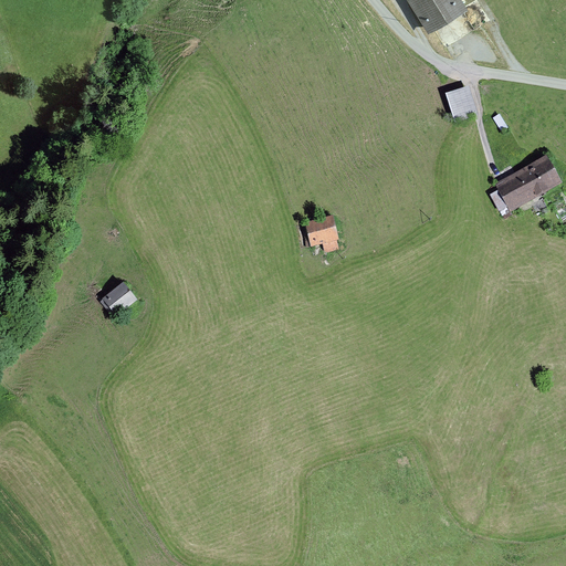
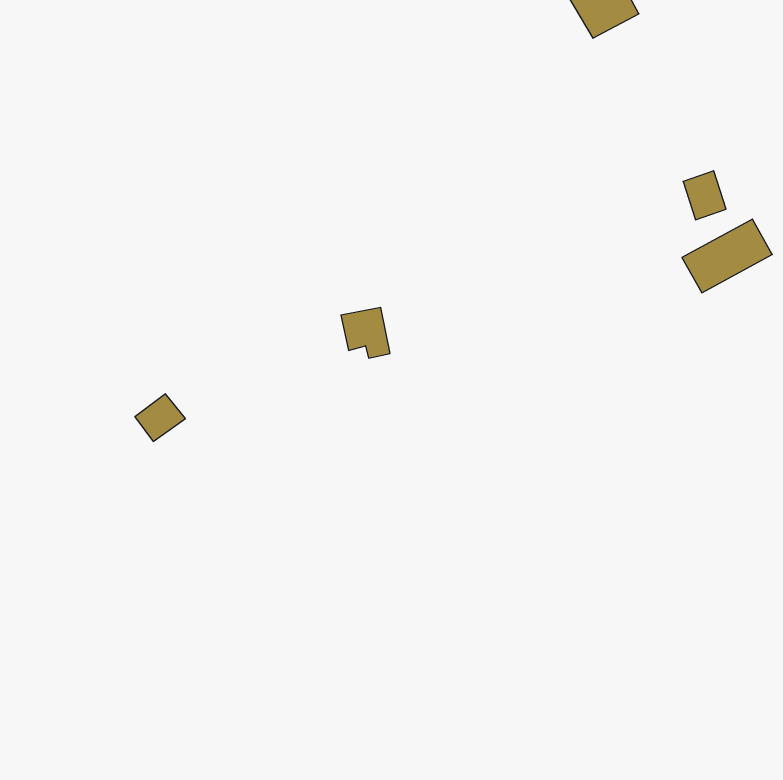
building: [447,86,478,122] -> [683,171,726,220]
building: [307,213,343,250] -> [341,307,390,358]

